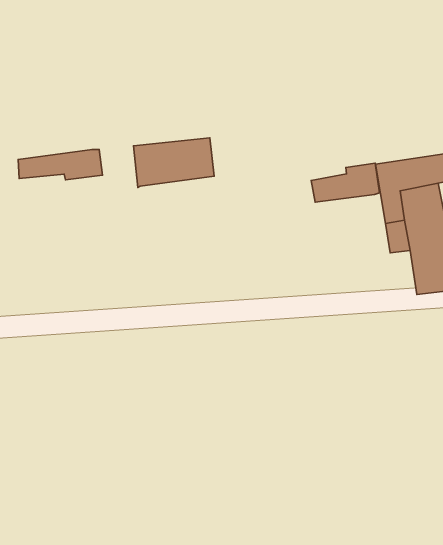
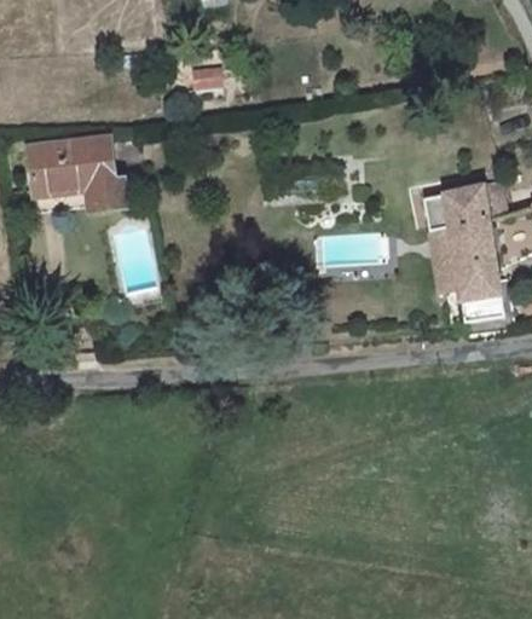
building: [133,138,214,187] -> [29,135,116,189]
building: [311,163,380,202] -> none

